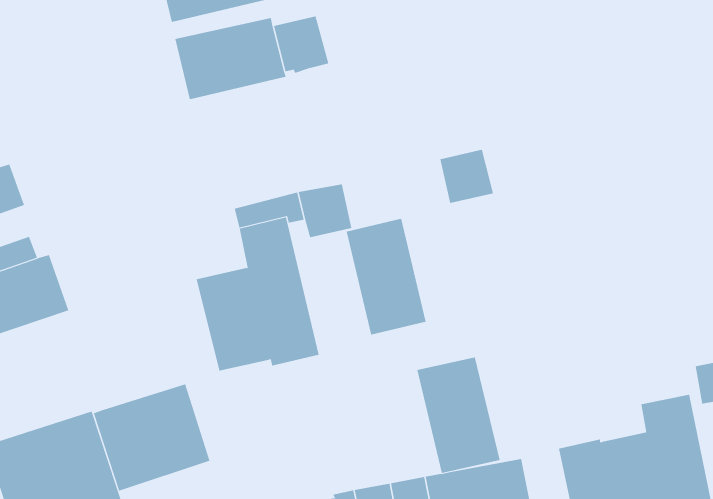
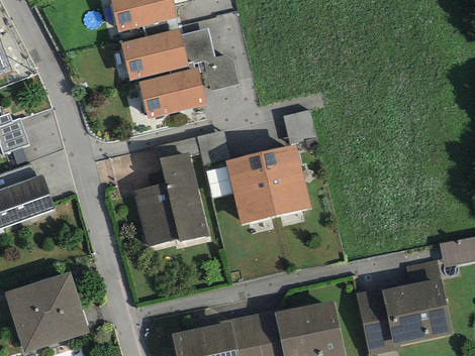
building: none -> [203,55,240,91]
building: none -> [138,67,206,118]
building: [416,357,500,473] -> [260,144,311,216]
building: [93,384,210,492] -> none

